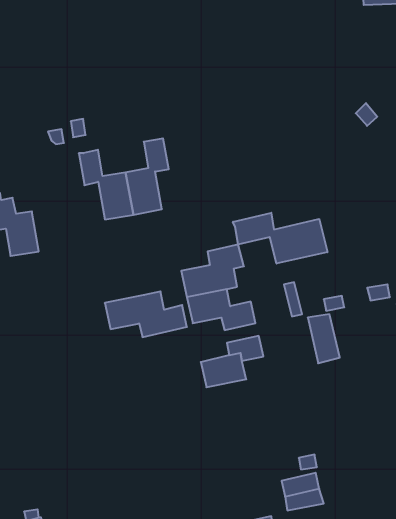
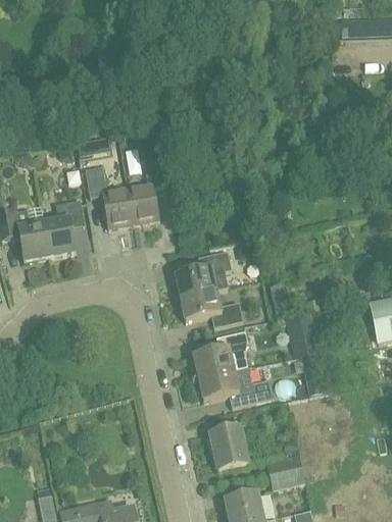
building: none -> [44,198,86,256]
building: [233,213,327,264] -> none
building: [105,291,187,337] -> [200,367,274,408]
building: none -> [206,427,248,469]

